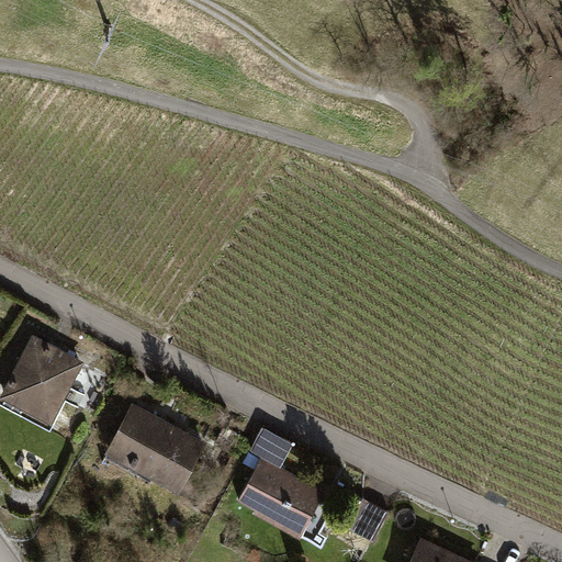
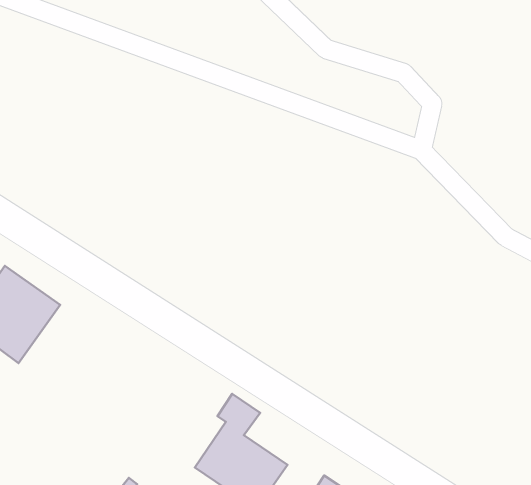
building: [104,404,205,493] -> none

